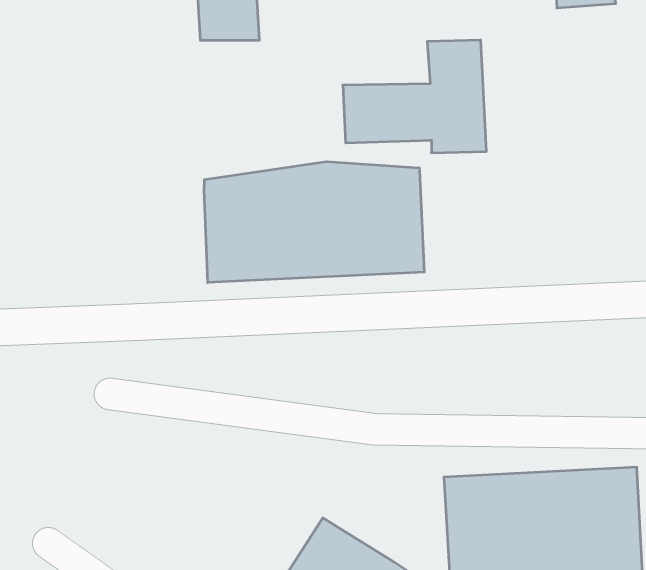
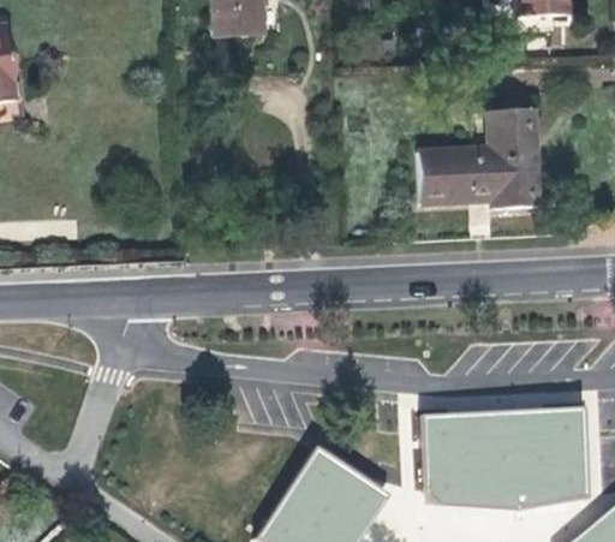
building: [343,40,486,153] -> [419,108,542,204]
building: [204,162,424,283] -> none

